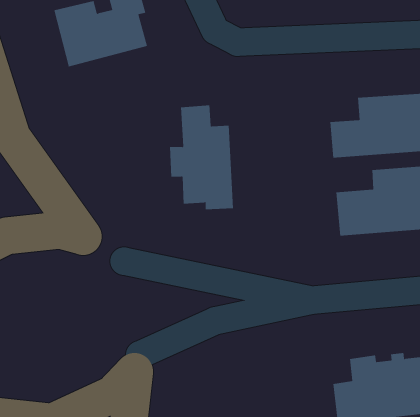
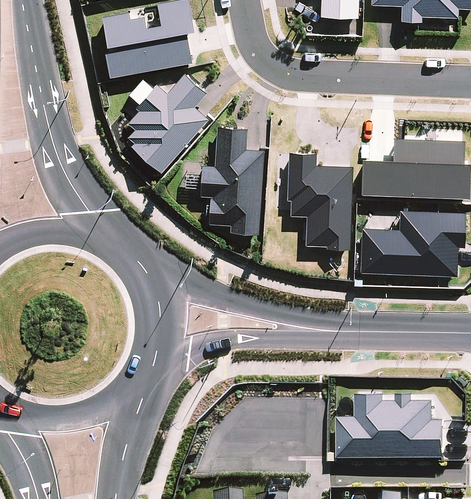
building: none -> [126,74,208,172]
building: none -> [289,153,351,248]

